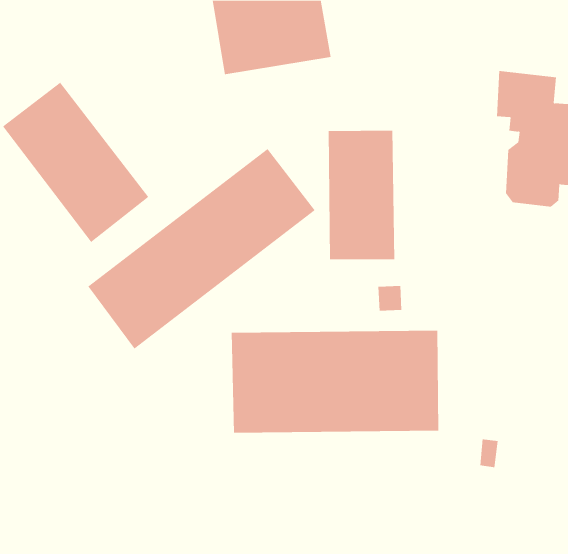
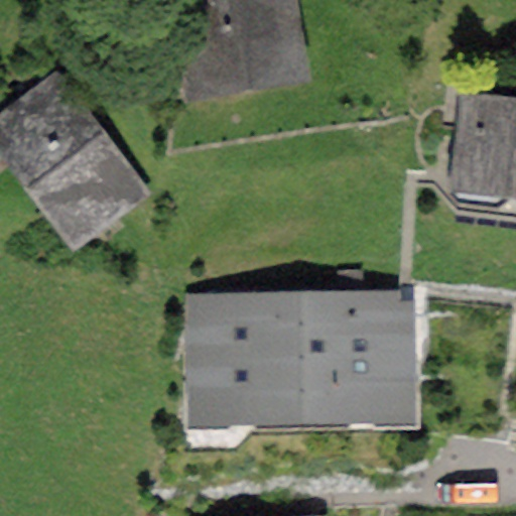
building: [328,130,395,260] -> none
building: [88,148,316,349] -> none

